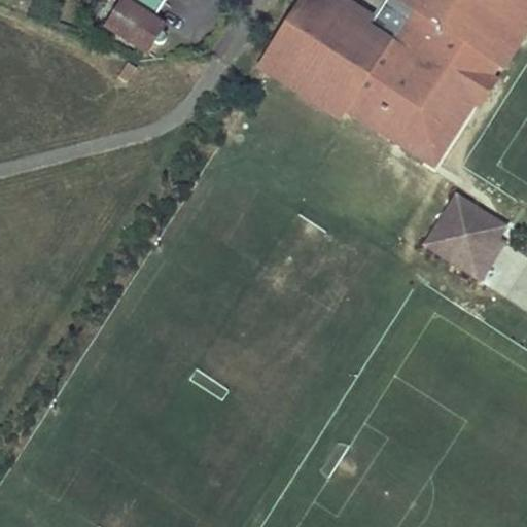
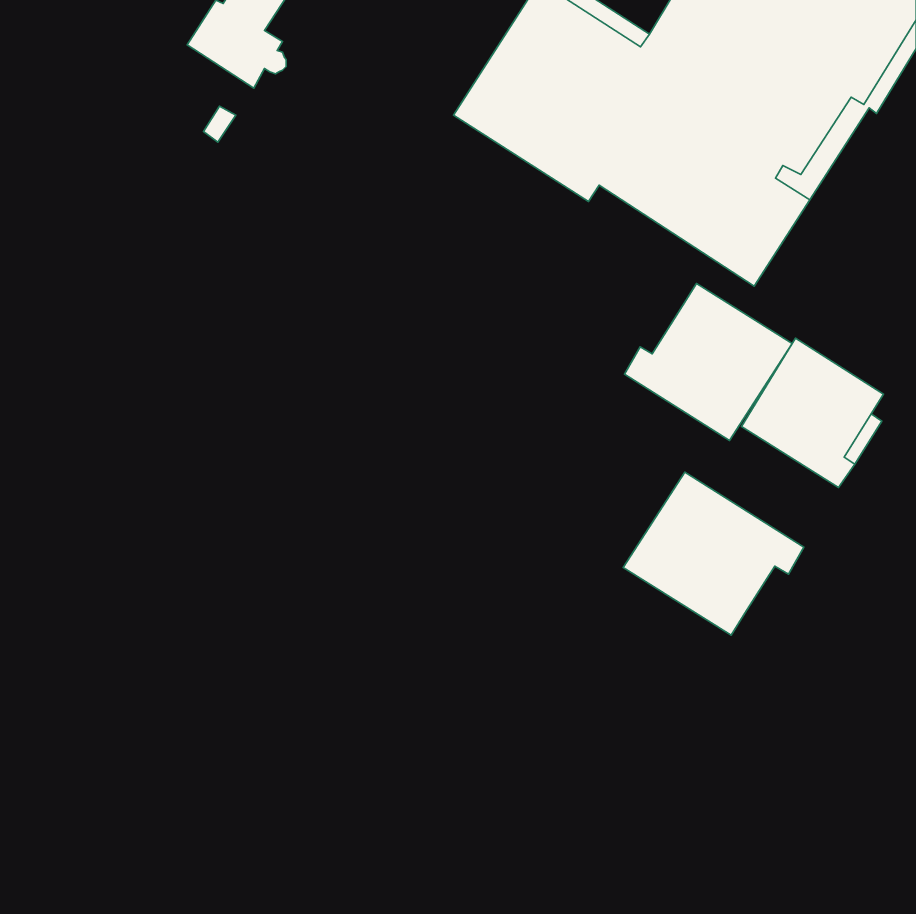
building: none -> [624,284,792,440]
building: none -> [623,472,804,635]

